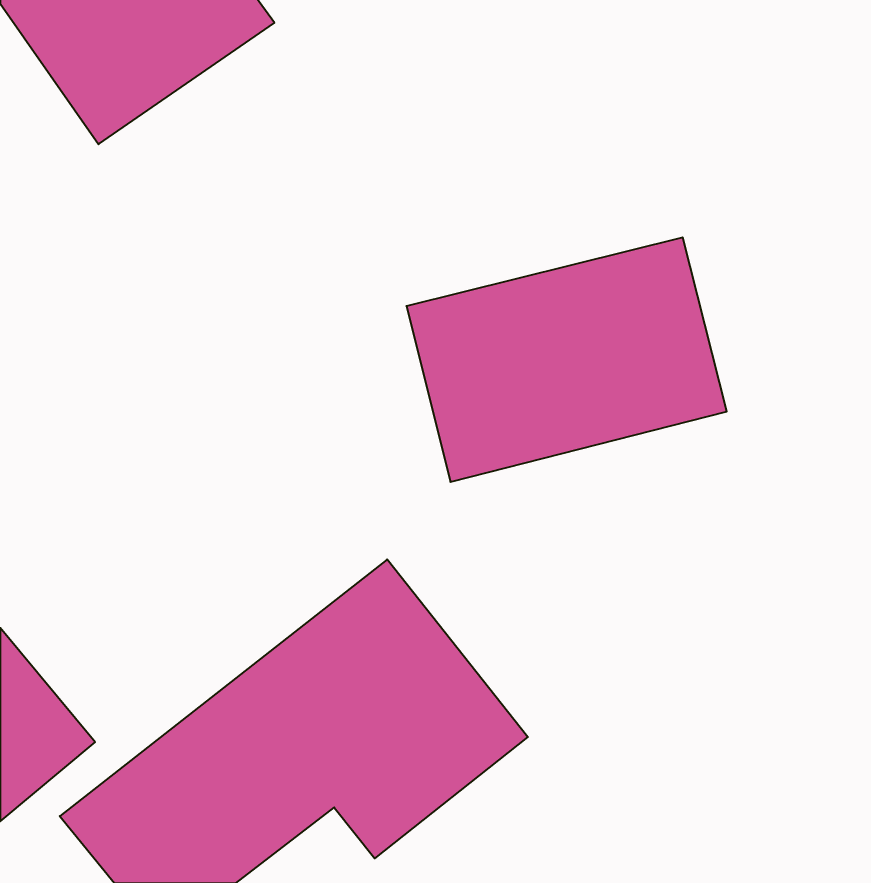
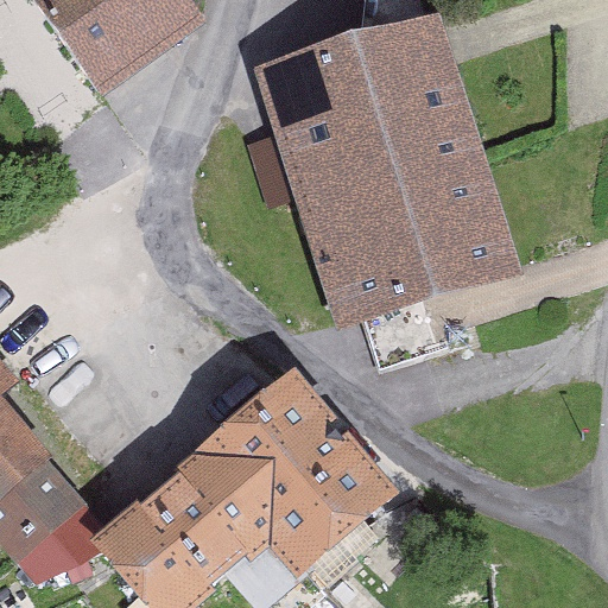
building: none -> [258,19,480,207]

